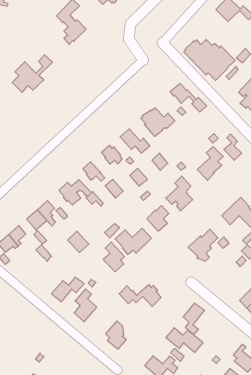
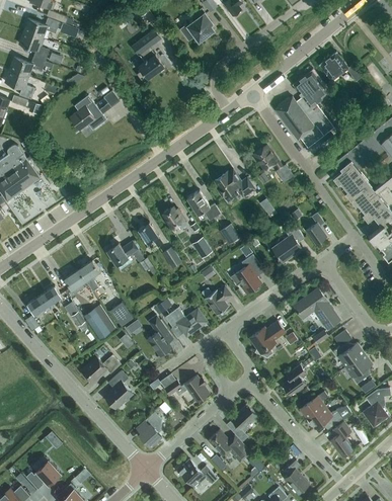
building: none -> [294,70,329,106]
building: none -> [84,305,116,339]
building: none -> [283,364,306,396]

